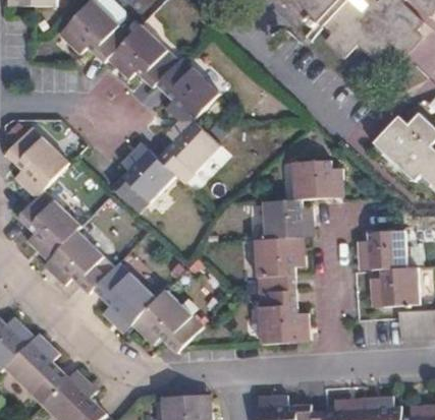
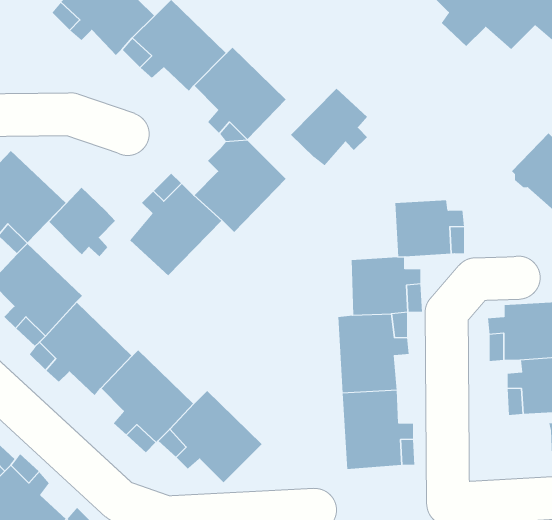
building: none -> [290,88,368,166]
building: none -> [48,187,116,257]

